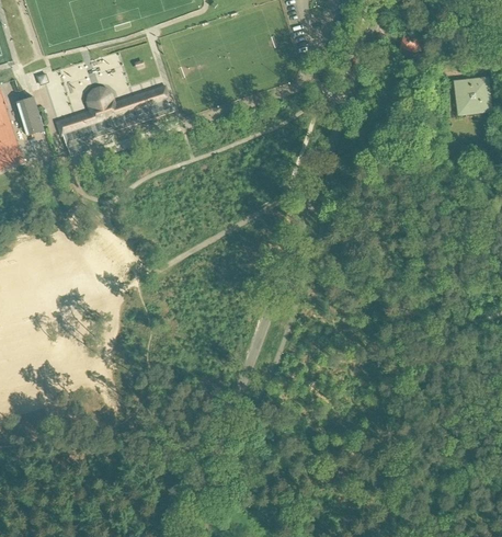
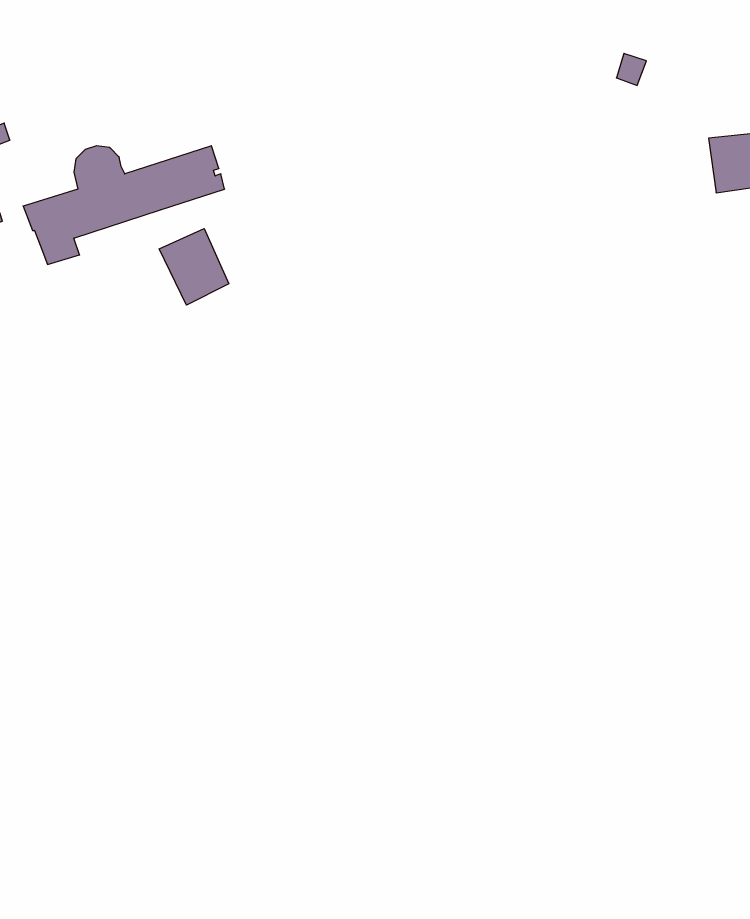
building: none -> [159,229,229,305]

